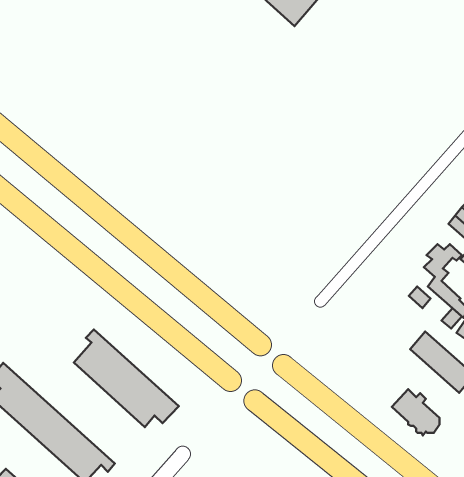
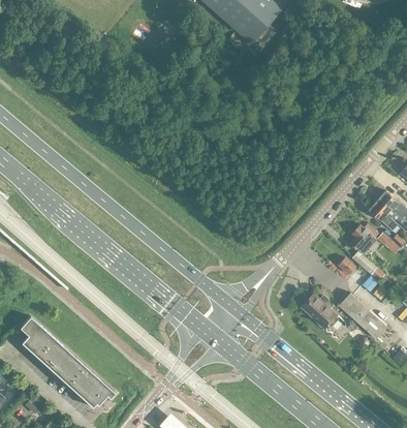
building: [74,329,179,427] -> none
building: [392,389,439,435] -> [301,293,337,328]

